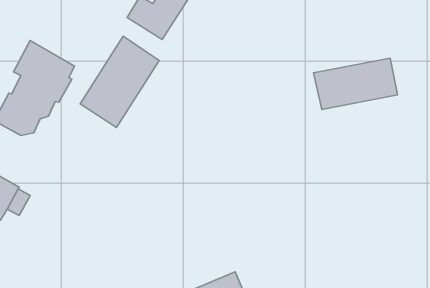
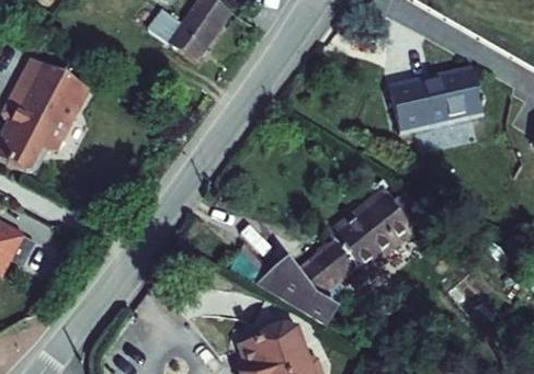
building: [80,36,159,127] -> none
building: none -> [247,203,408,333]

